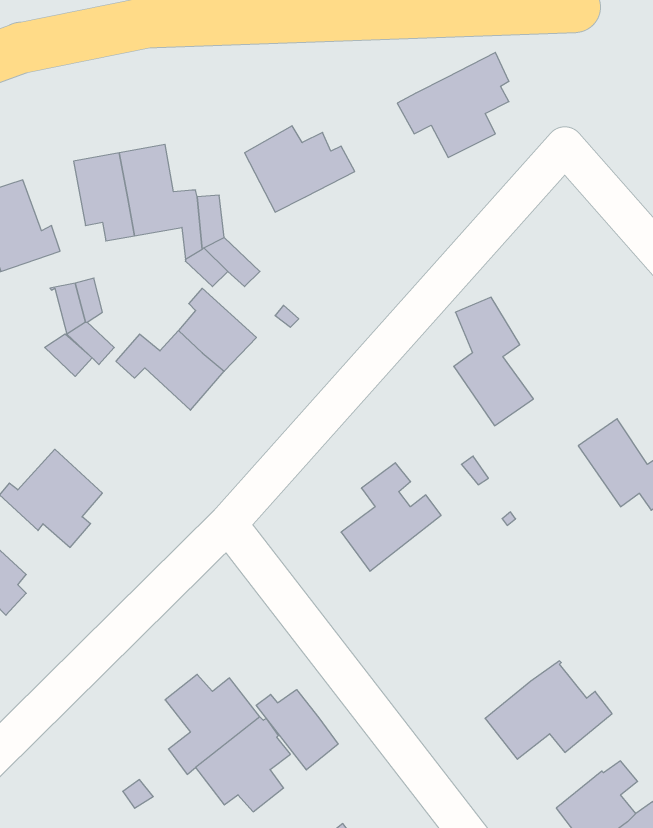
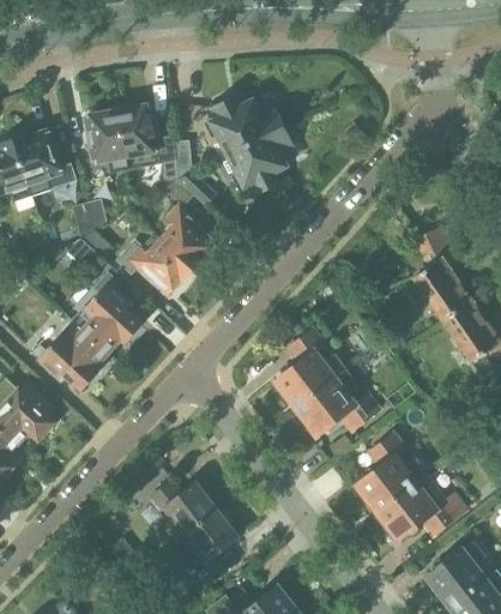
building: [397,52,509,157] -> [215,124,294,198]
building: [454,297,533,426] -> [414,227,470,318]
building: none -> [72,273,141,351]
building: none -> [295,367,379,435]
building: none -> [355,433,429,511]
building: [256,690,338,770] -> none

